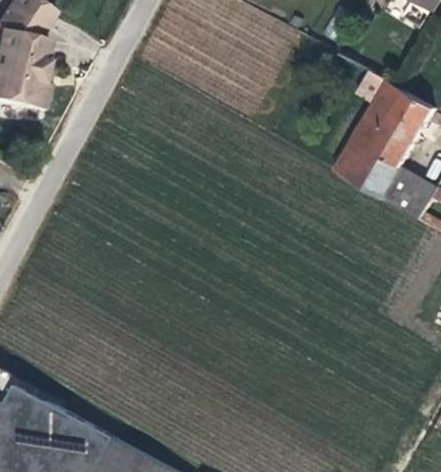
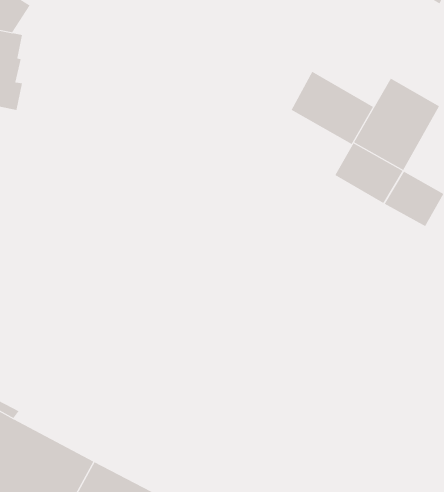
building: none -> [291,71,374,145]

